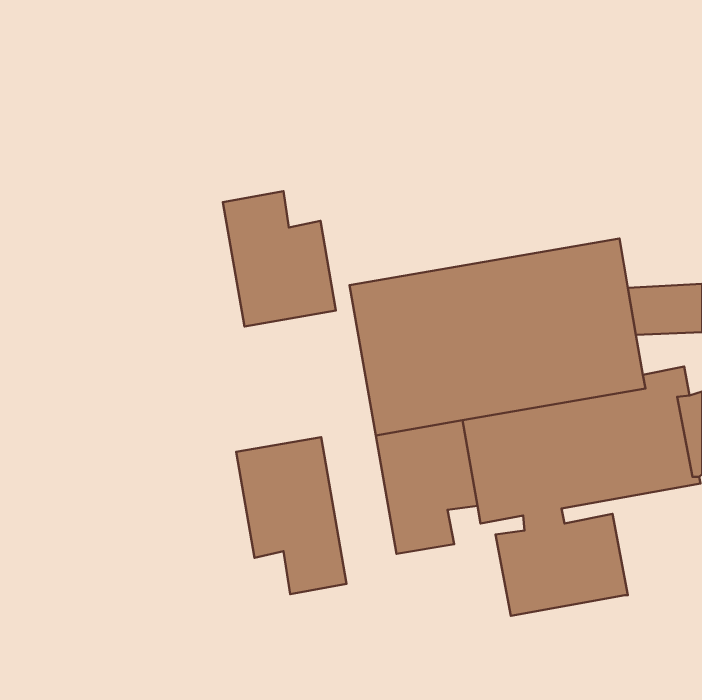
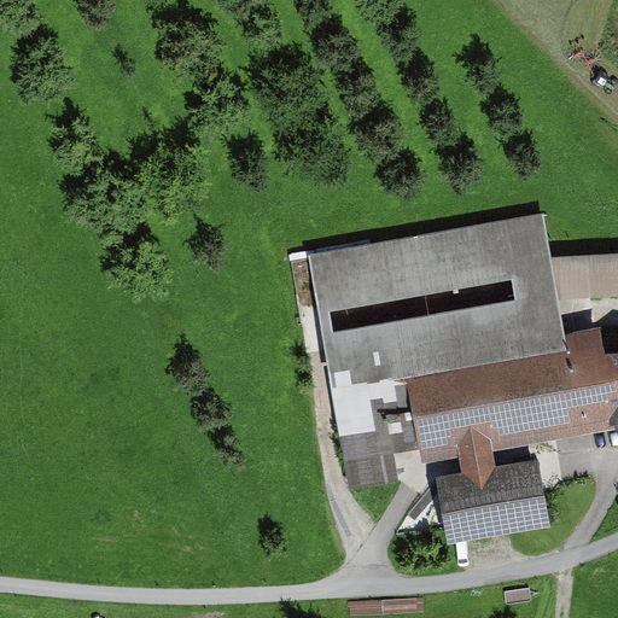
building: [223,191,336,326] -> none
building: [236,437,347,594] -> none

